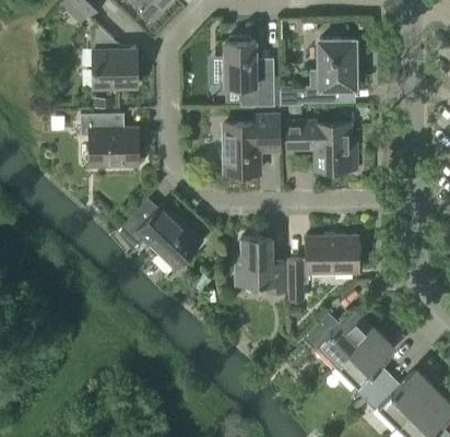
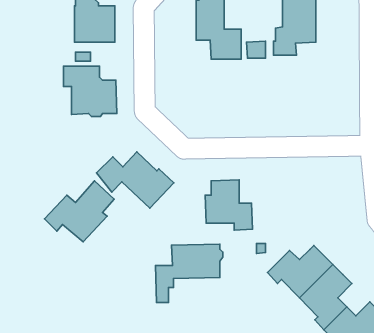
building: [224,115,281,177] -> none
building: [286,121,357,172] -> none
building: [288,236,362,299] -> [155,244,223,303]
building: none -> [45,181,114,242]

